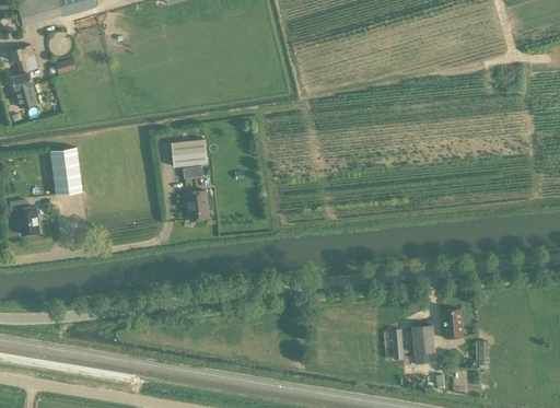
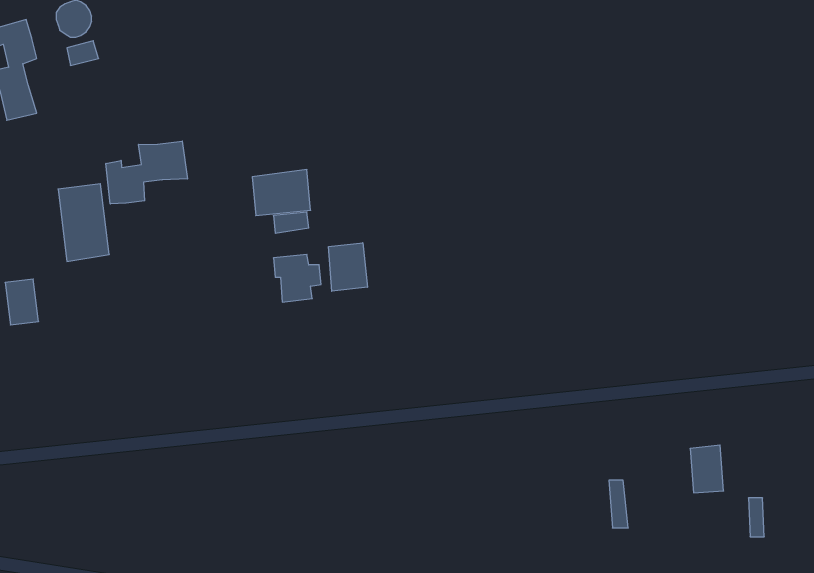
building: none -> [106,141,187,204]
building: none -> [329,243,367,291]
building: [410,324,433,364] -> none

